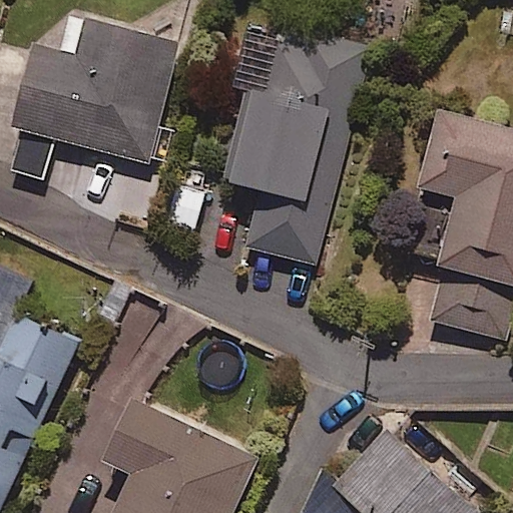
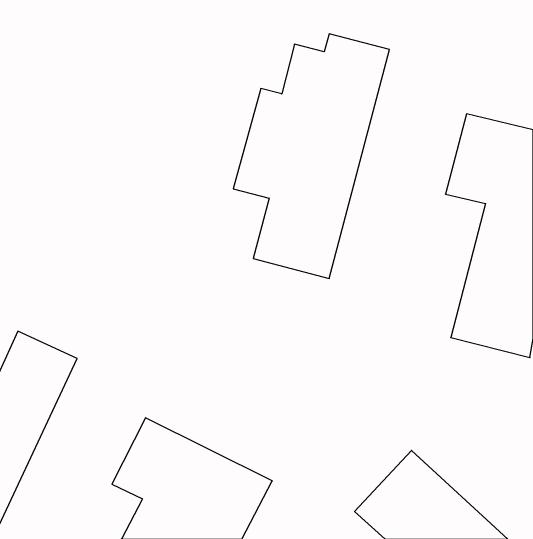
building: [9,19,179,167] -> none

